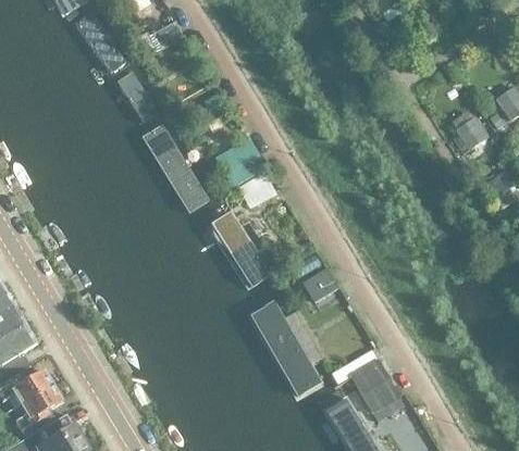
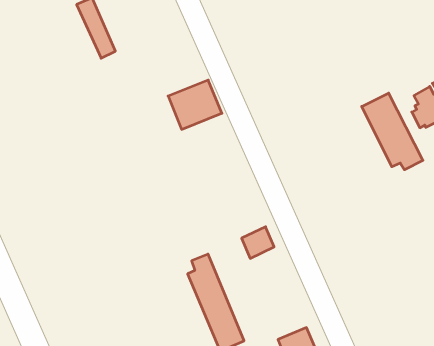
building: none -> [362,93,423,170]
building: [141,125,206,211] -> none
building: [210,212,269,285] -> none

